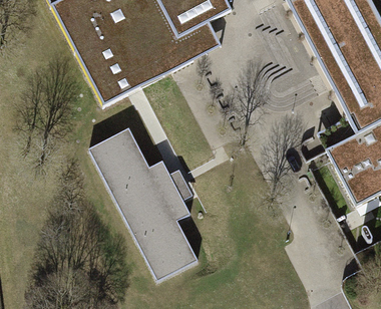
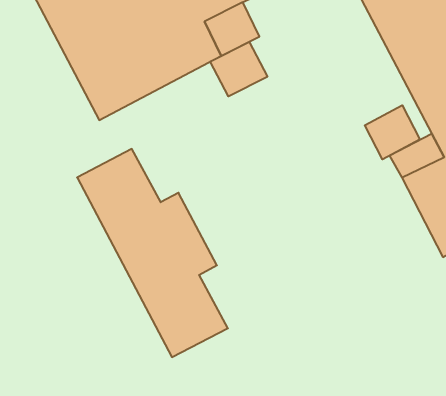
building: none -> [210,42,267,96]
building: none -> [365,105,420,159]

